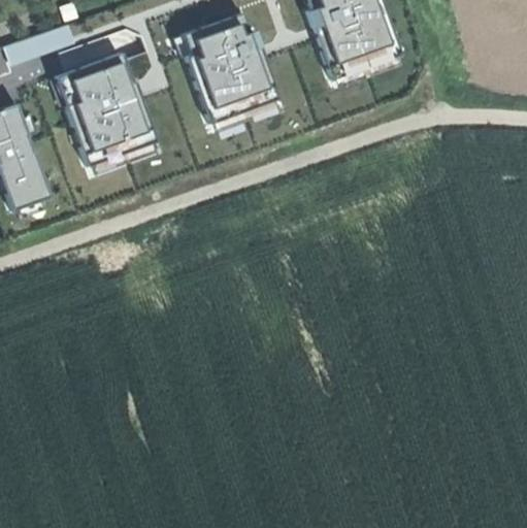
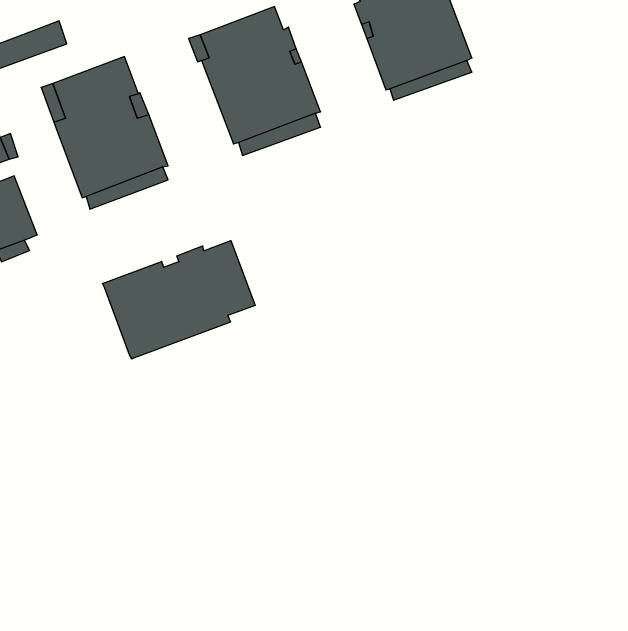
building: none -> [102,241,255,359]

